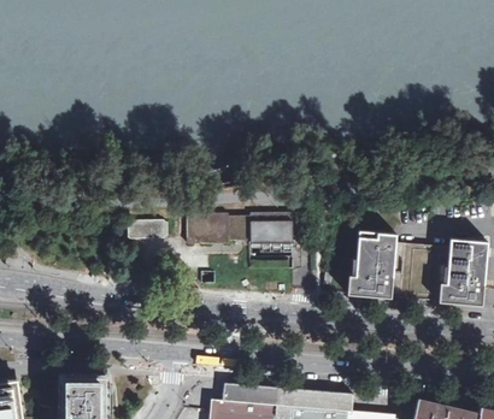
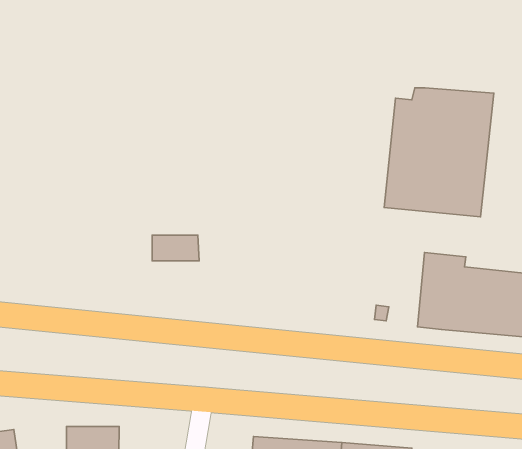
building: none -> [384,88,494,217]
building: [187,214,293,246] -> none

